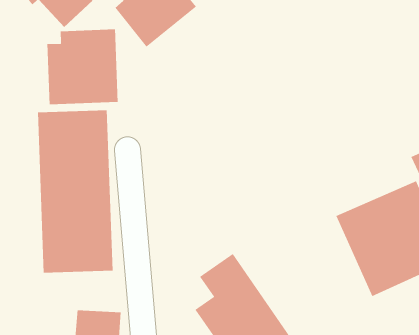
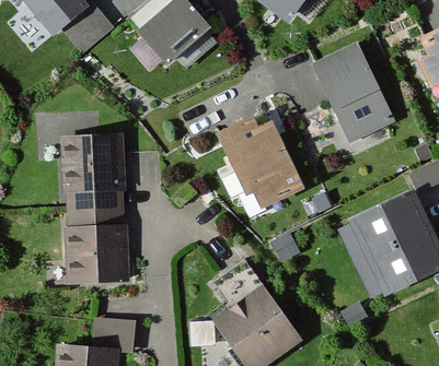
building: none -> [309,42,395,144]
building: [47,28,118,105] -> none
building: none -> [216,115,303,215]

